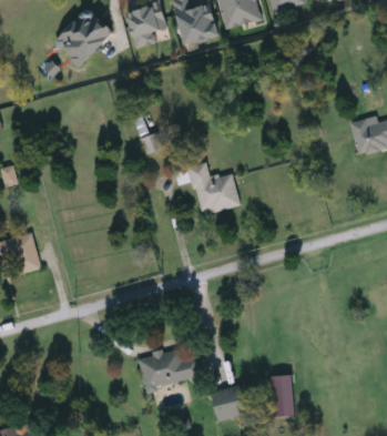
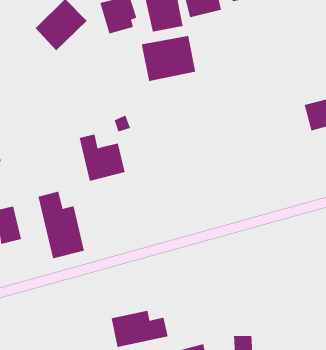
building: none -> [141,35,196,82]
building: [190,163,241,215] -> [79,134,125,181]
building: none -> [38,191,85,259]

